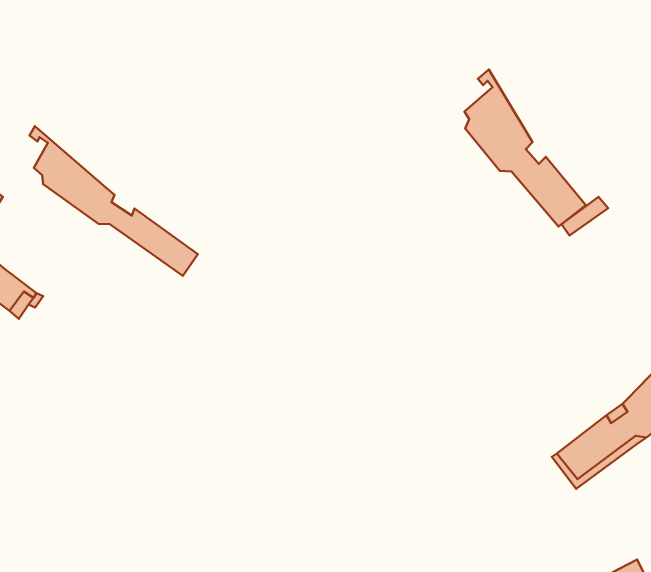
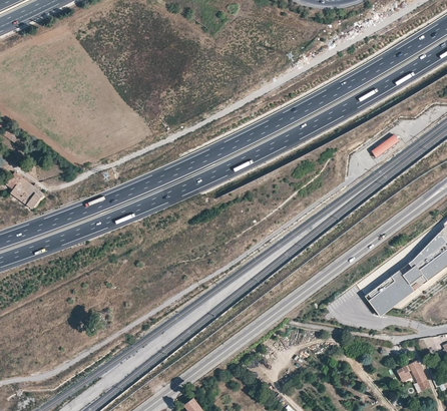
building: [464,69,586,227] -> none
building: [29,126,198,276] -> none

